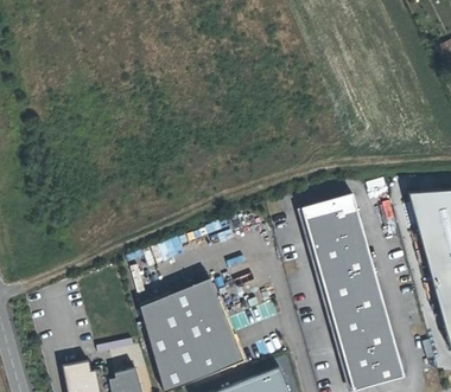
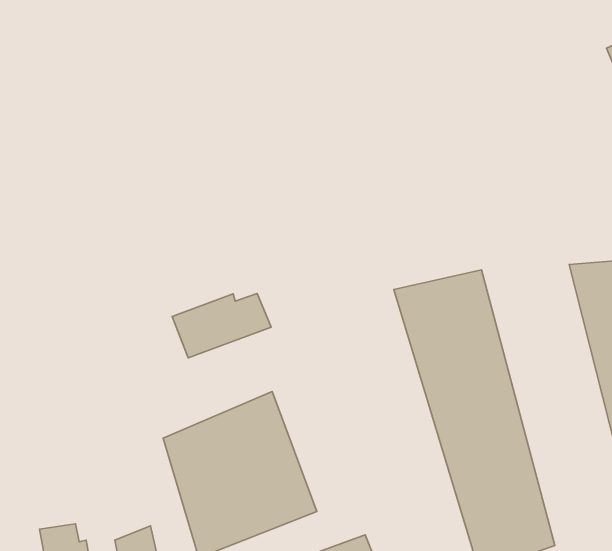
building: none -> [172,293,271,358]

